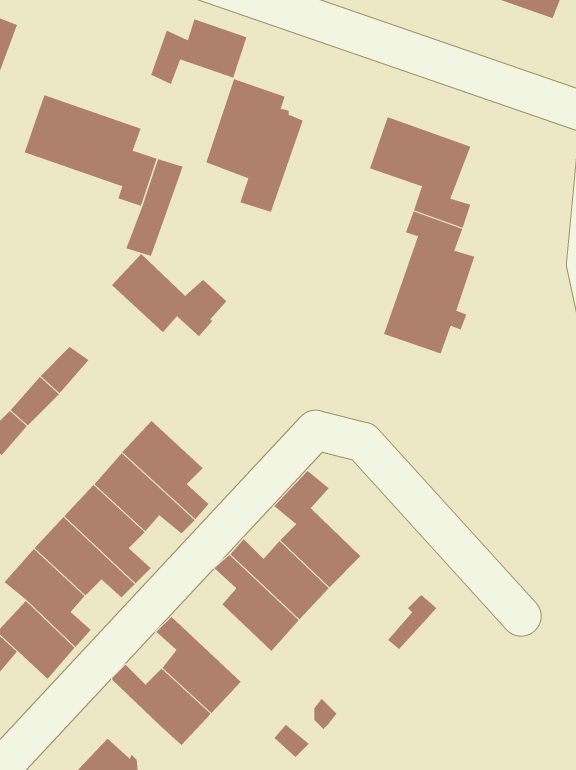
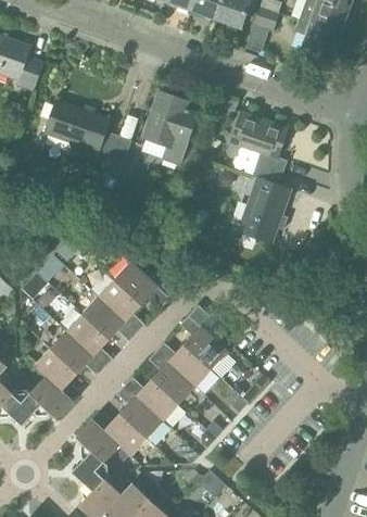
building: [150,18,247,85] -> none
building: [111,253,227,337] -> [113,261,176,306]
building: none -> [124,376,178,420]
building: none -> [75,419,117,462]

